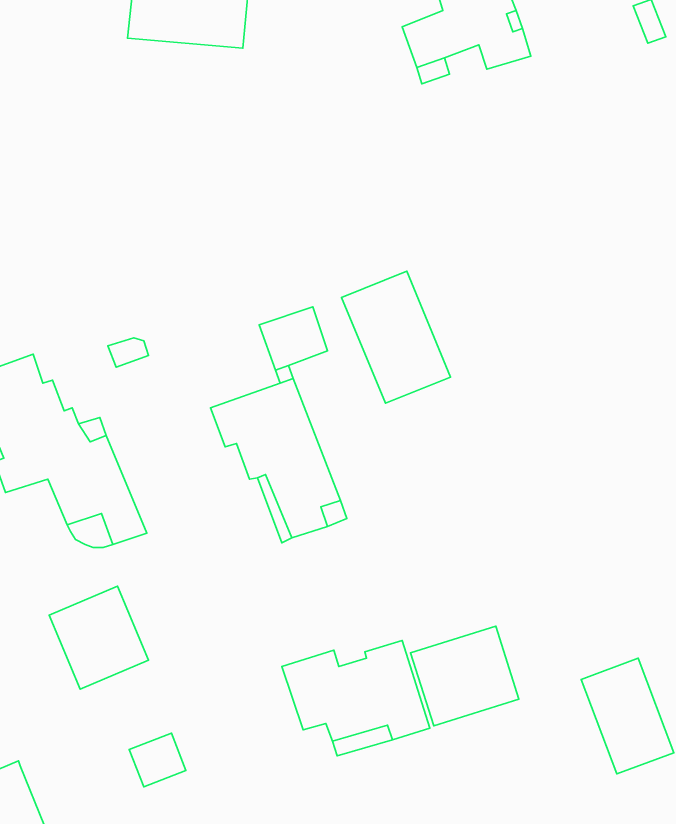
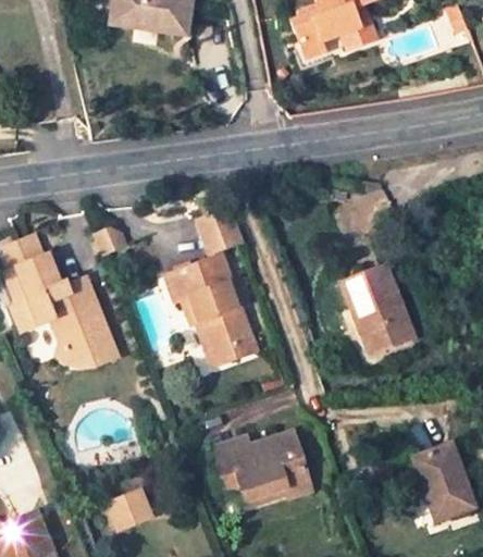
building: [342,271,451,403] -> [340,265,413,354]
building: [49,586,148,689] -> none
building: [411,626,519,726] -> none

